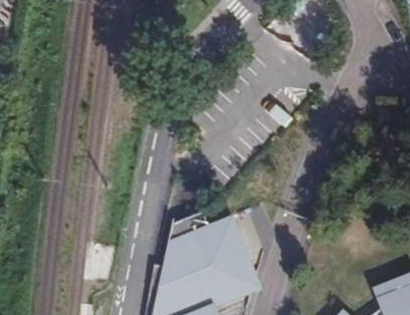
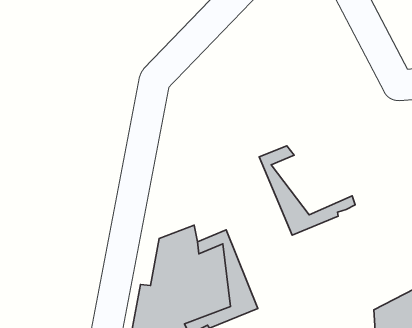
building: none -> [259,146,355,235]

